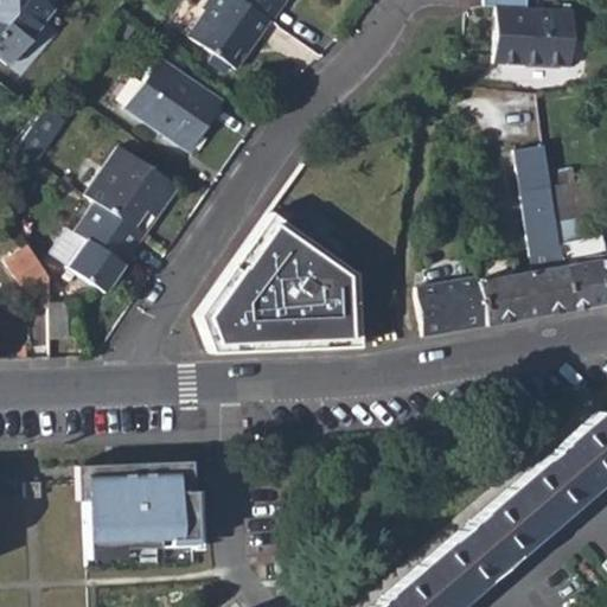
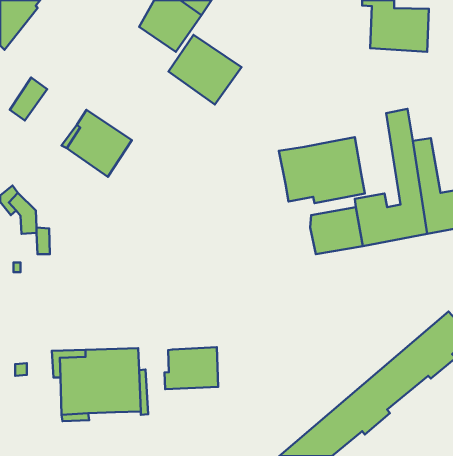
building: [126,58,223,151] -> [168,35,242,104]
building: none -> [279,137,365,203]
building: [68,200,147,295] -> none
building: [199,209,362,351] -> none
building: none -> [165,347,218,389]

